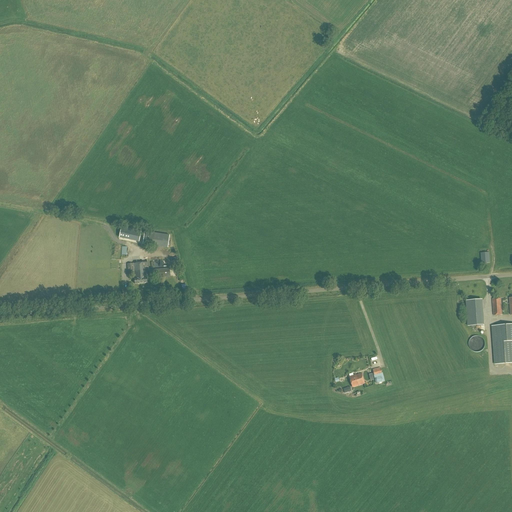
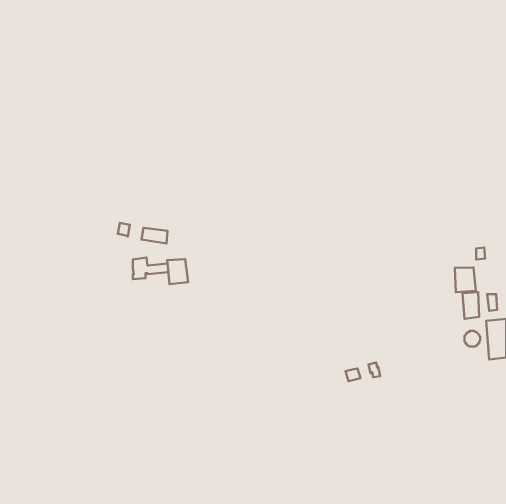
building: none -> [167,259,188,284]
building: none -> [455,268,476,292]

